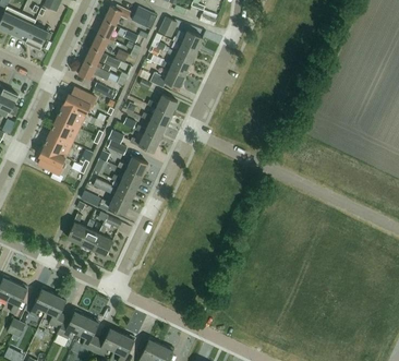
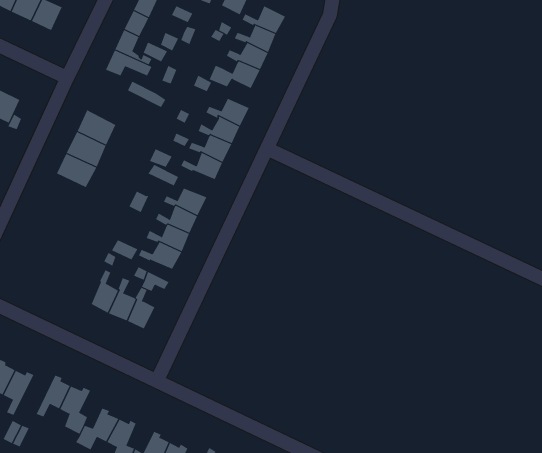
building: [64,87,96,113] -> none
building: [37,147,65,175] -> none

